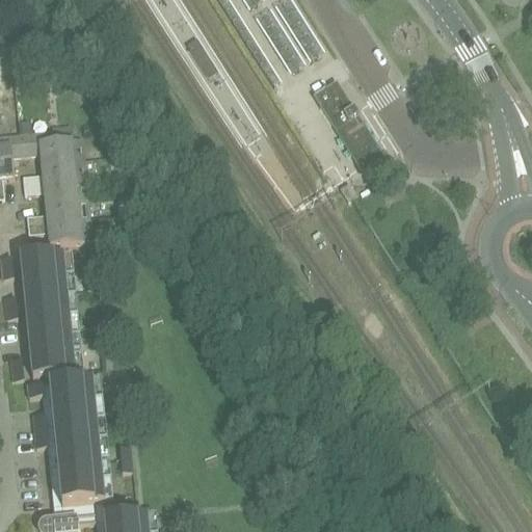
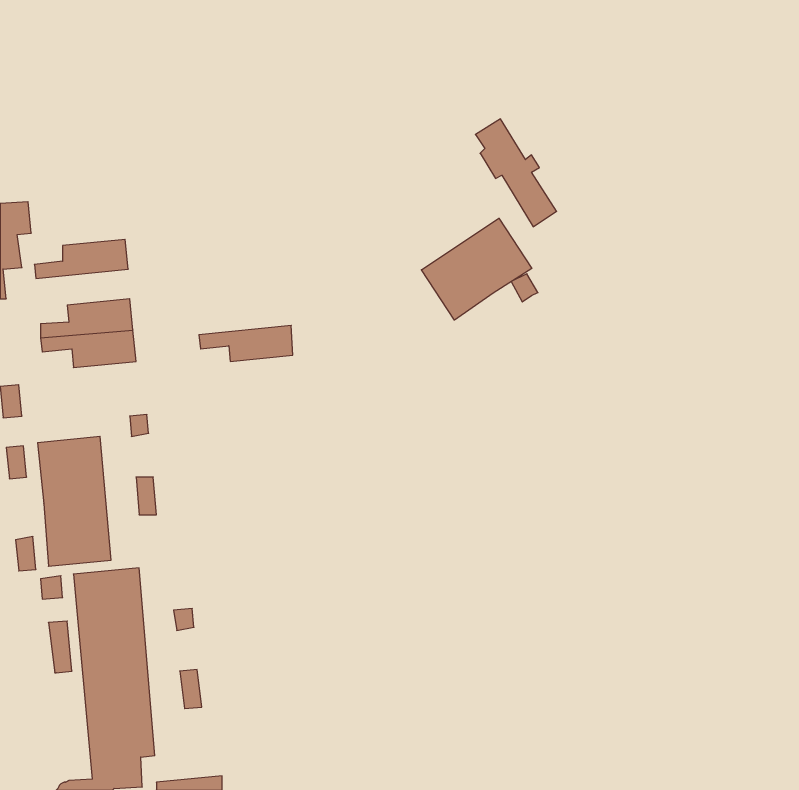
building: [19,124,83,163] -> none
building: none -> [421,218,532,320]
building: [24,179,86,203] -> [199,325,293,361]
building: [21,249,66,294] -> none

